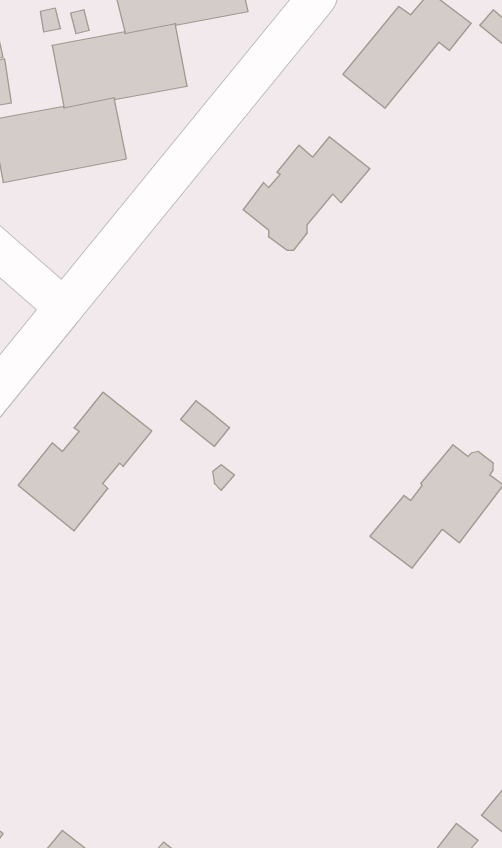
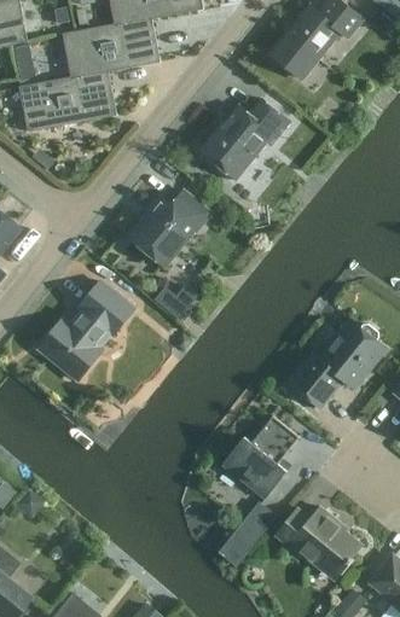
building: none -> [132,193,211,266]
building: none -> [222,415,298,499]
building: none -> [219,501,277,565]
building: none -> [276,507,361,576]

